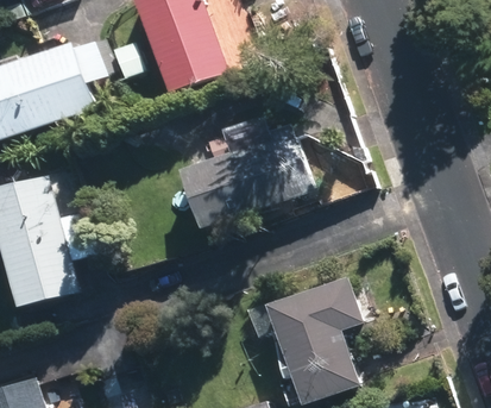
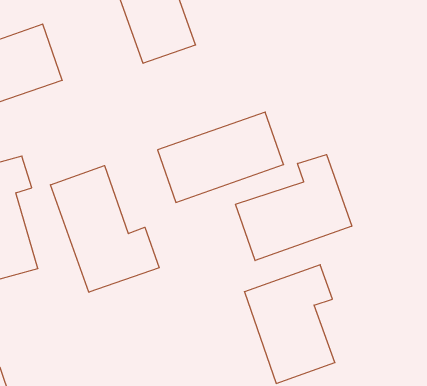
building: none -> [235,155,352,261]
building: none -> [50,166,159,292]

